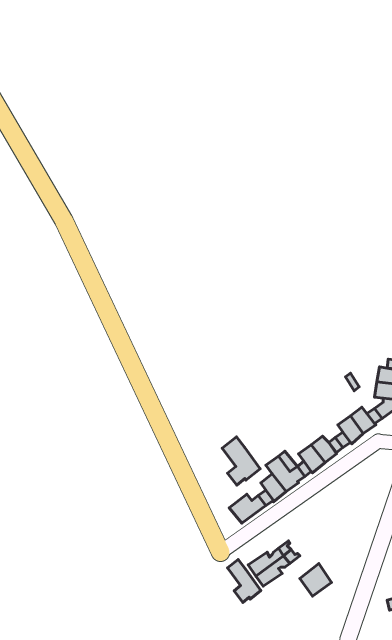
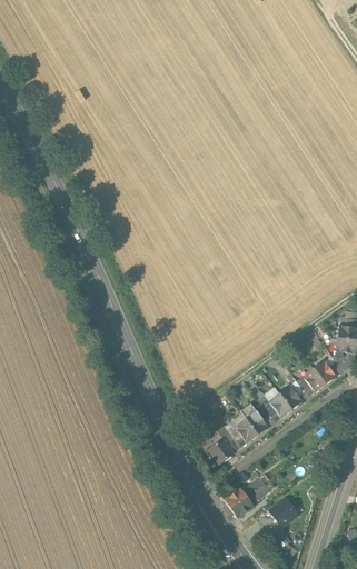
building: [222,437,260,485] -> none
building: [228,559,261,603] -> none

